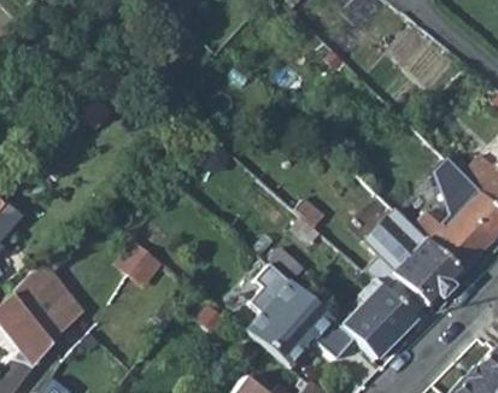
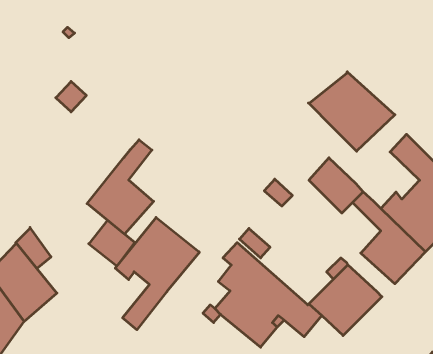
building: none -> [308,72,395,151]
building: none -> [87,140,154,234]
building: none -> [115,217,199,330]

